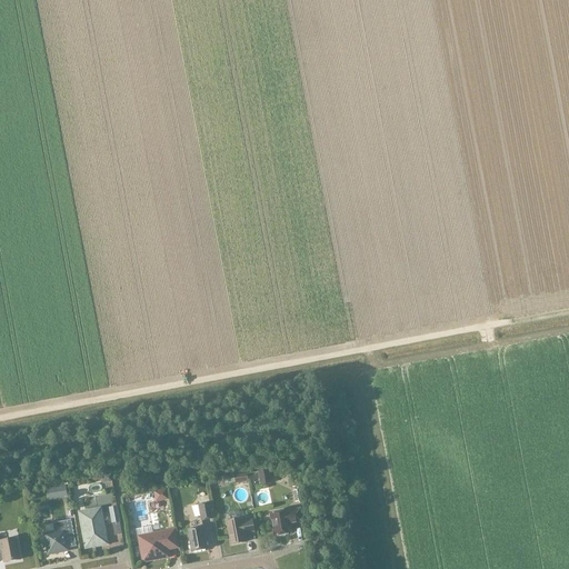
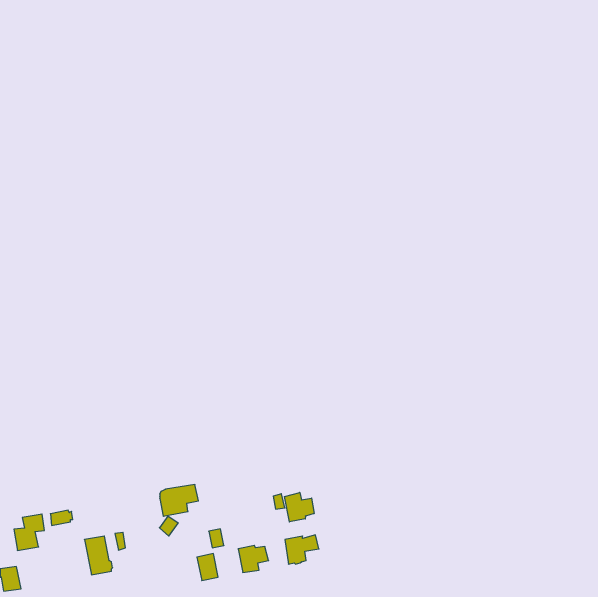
building: none -> [284,492,314,522]
building: [46,518,74,552] -> [14,514,44,550]
building: [141,529,178,559] -> [160,485,198,516]

